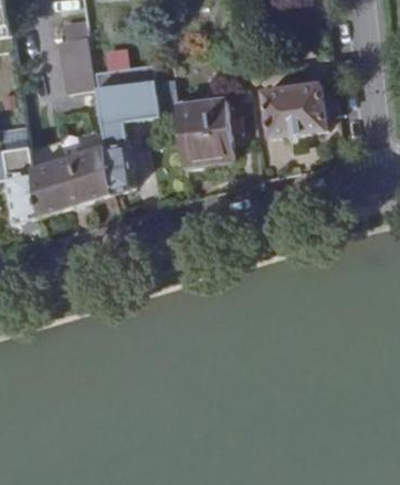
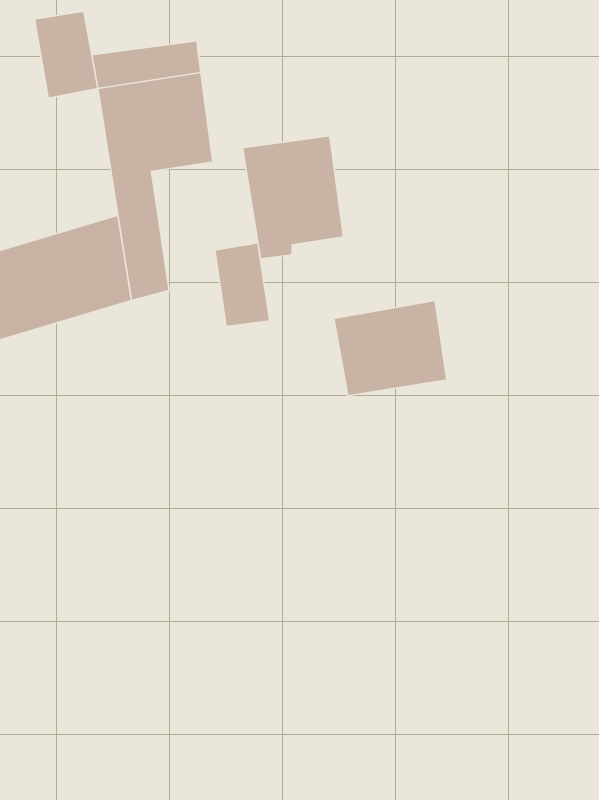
building: [261,83,324,136] -> [334,301,447,396]
building: none -> [215,243,270,326]

